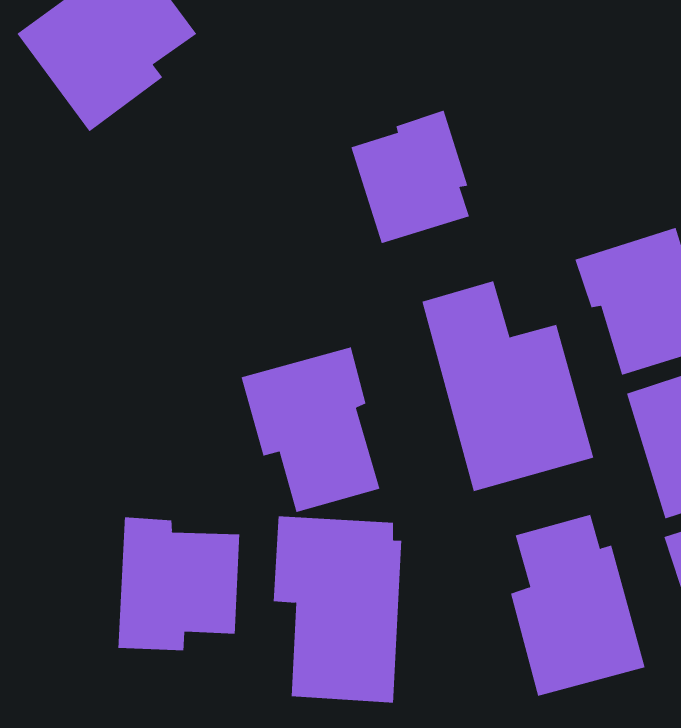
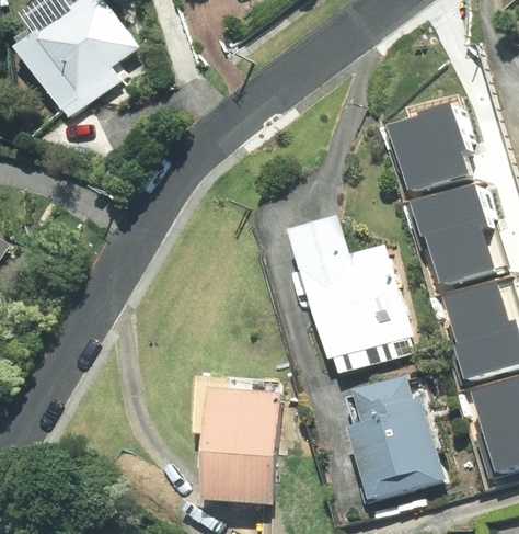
building: [350,110,470,244] -> [378,99,459,190]
building: [241,346,380,513] -> none
building: [118,516,240,651] -> none

